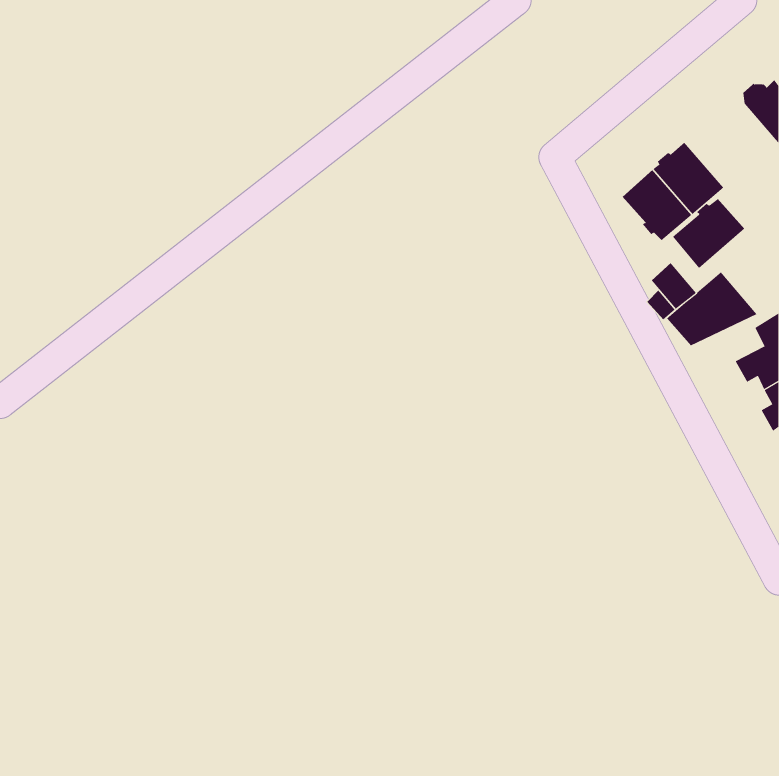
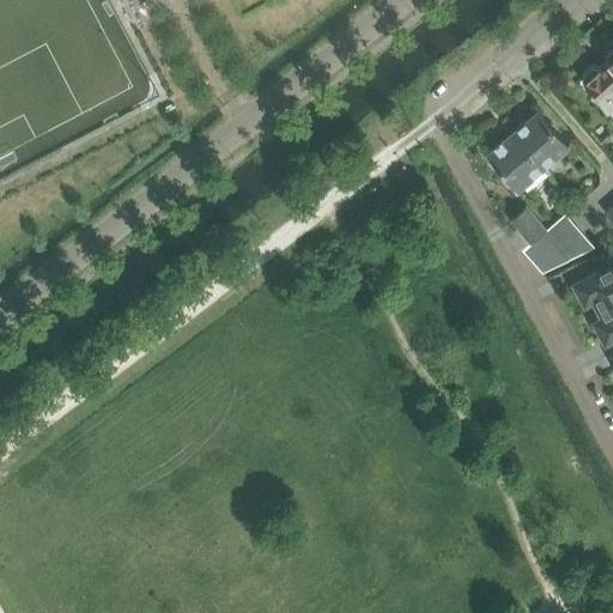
building: [672,198,745,269] -> none

